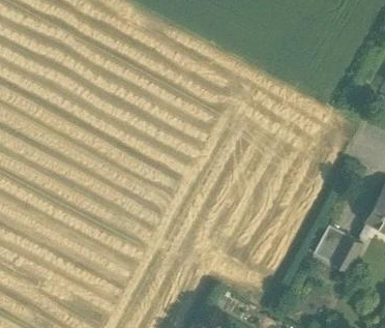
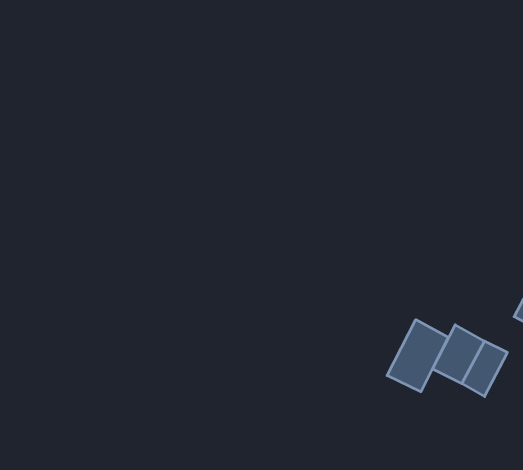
building: none -> [387,320,448,392]

